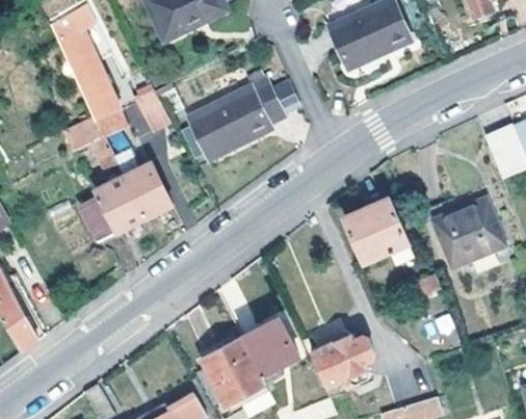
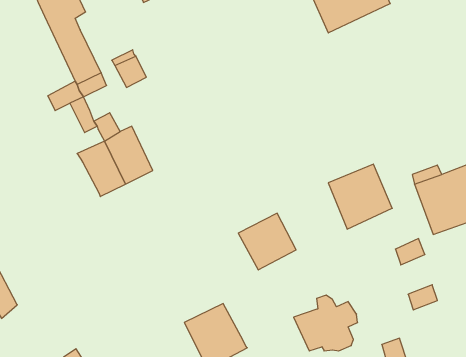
building: [185,78,300,159] -> none
building: [81,198,120,243] -> none
building: [241,318,298,374] -> [238,213,296,270]

